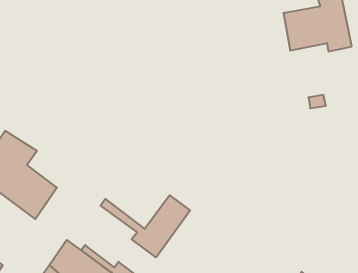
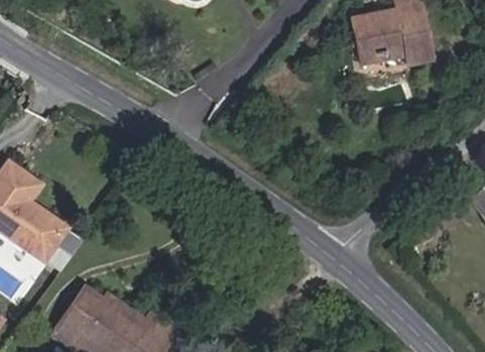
building: [101,195,190,257] -> none

